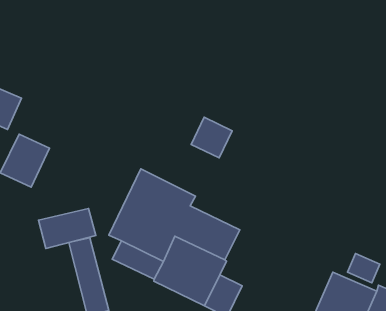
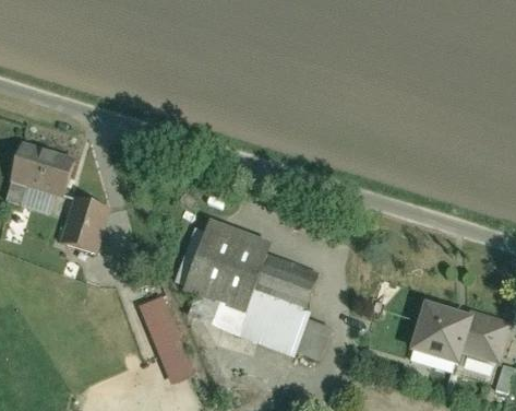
building: [191,117,232,158] -> none
building: [38,208,96,248] -> none
building: [348,254,380,283] -> none

